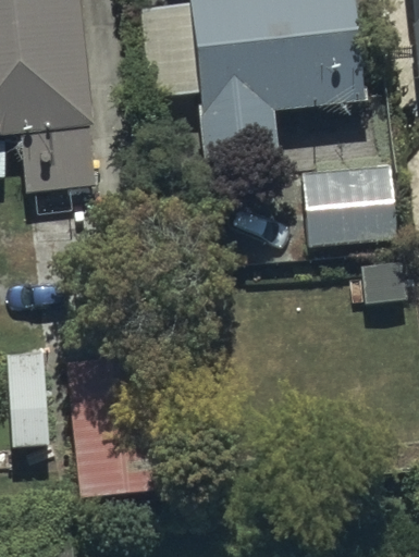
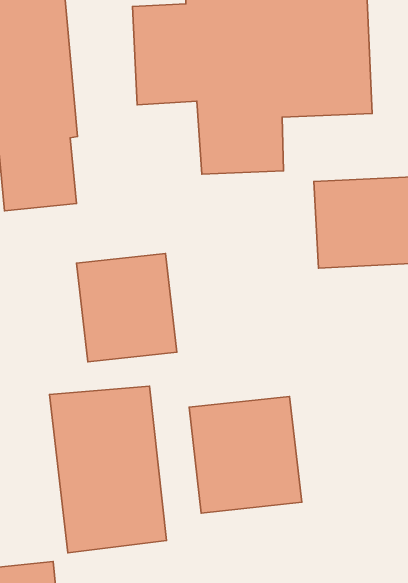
building: none -> [77,253,177,362]
building: none -> [189,396,302,513]

